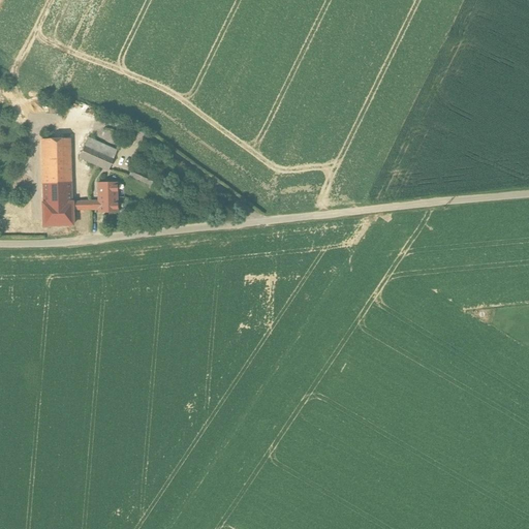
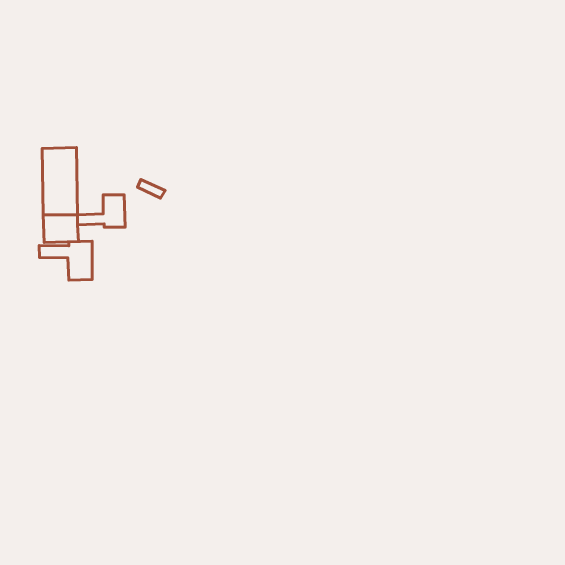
building: [77,136,117,170] -> none
building: none -> [39,241,92,280]

